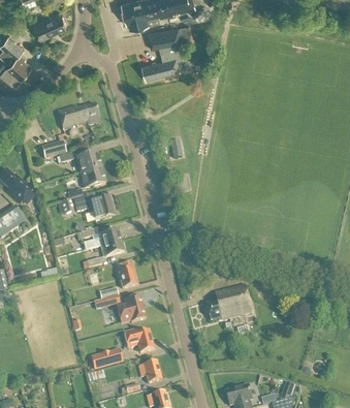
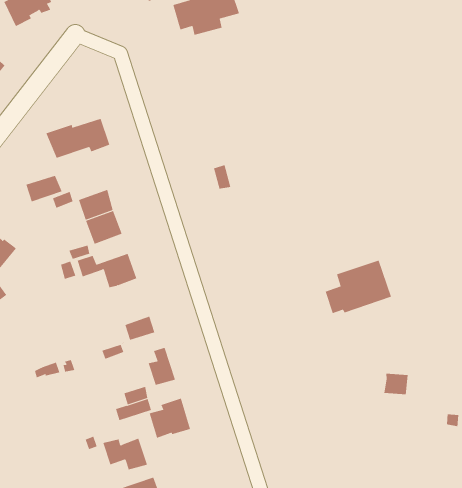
building: [141,46,183,79] -> none
building: [79,228,121,249] -> none
building: [208,285,253,320] -> [325,260,392,314]
building: [123,329,153,351] -> [102,438,148,470]

